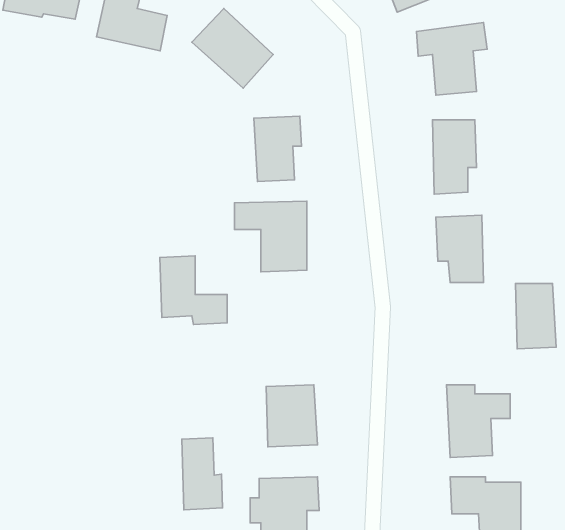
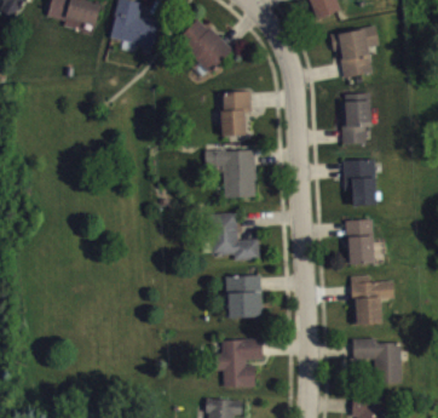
building: [160,256,227,325] -> [213,212,259,259]
building: [516,283,556,349] -> [347,219,375,264]
building: [182,438,222,510] -> none

